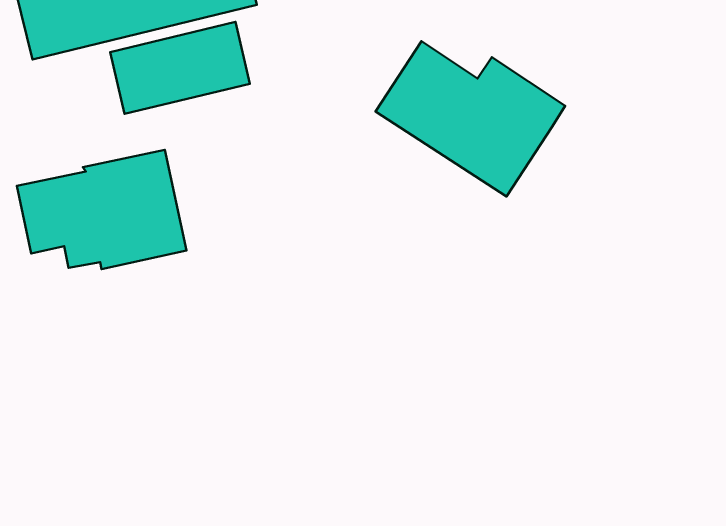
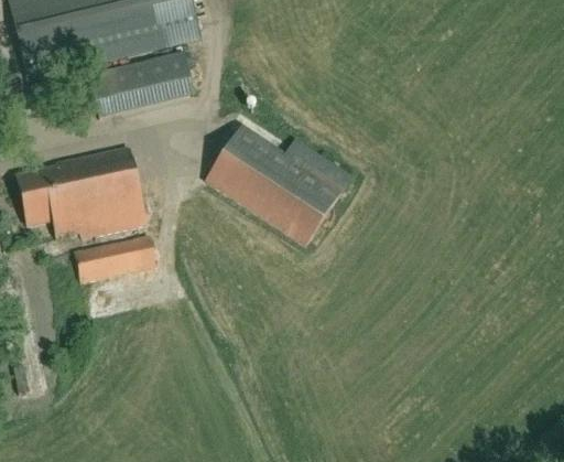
building: [375,41,565,196] -> [206,126,351,245]
building: none -> [73,233,158,282]

